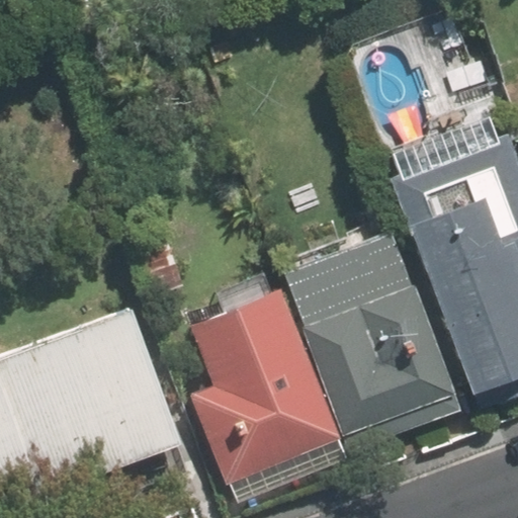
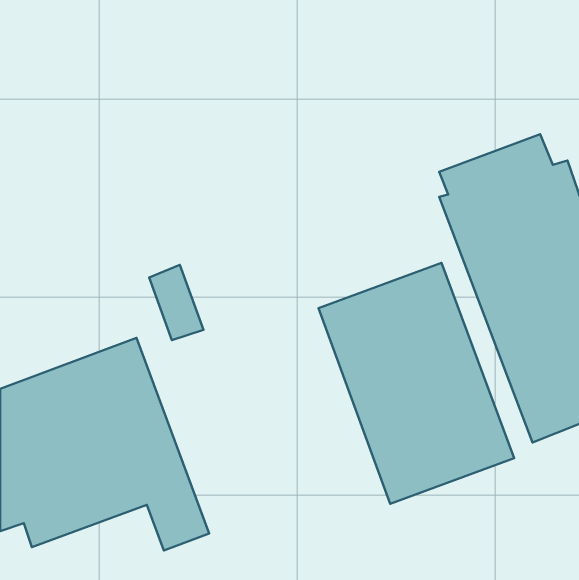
building: [192,280,343,499] -> none

